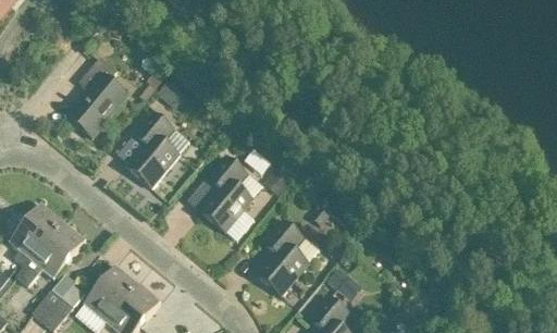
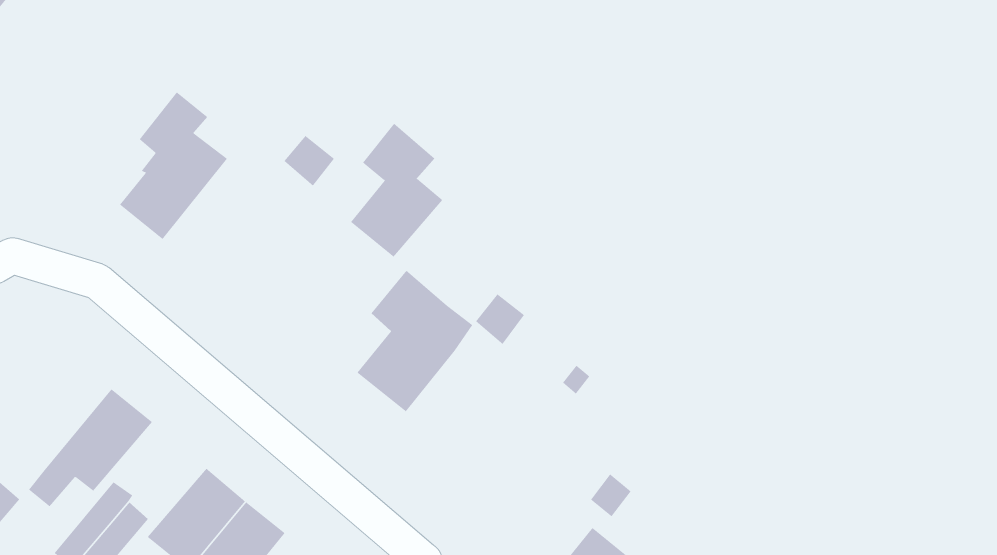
building: [126,113,177,187] -> [350,123,443,258]
building: [9,202,63,266] -> none
building: [256,220,306,296] -> none

